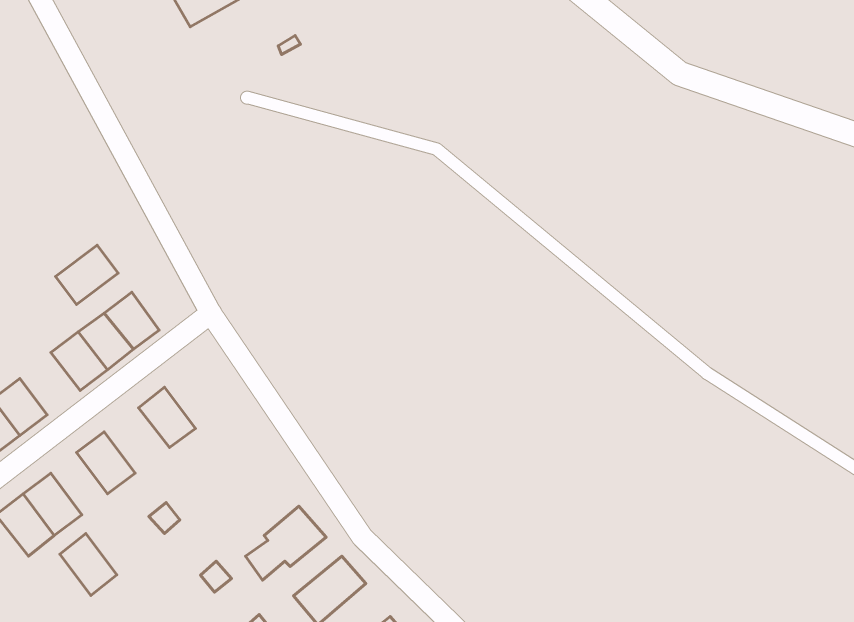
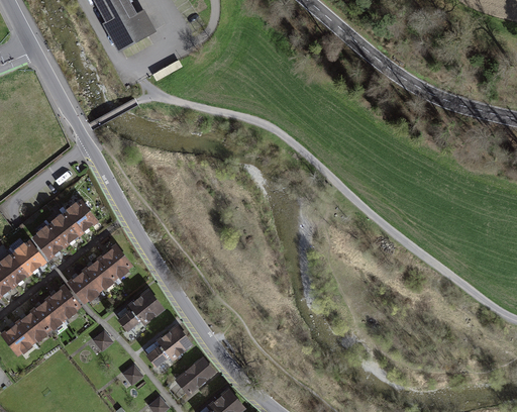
building: [56,245,118,304] -> none
building: none -> [13,238,45,273]
building: none -> [98,244,132,281]
building: none -> [67,269,101,304]
building: none -> [117,289,165,333]
building: [60,533,117,595] -> [31,295,65,331]

